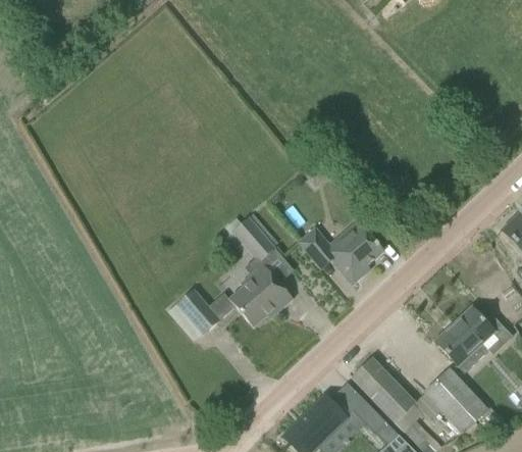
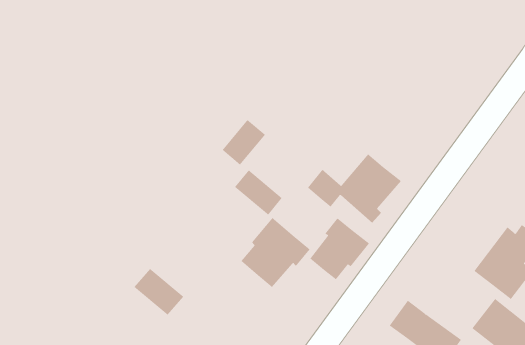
building: none -> [222,119,266,165]
building: none -> [309,218,370,280]
building: [176,290,220,335] -> [133,268,184,315]

